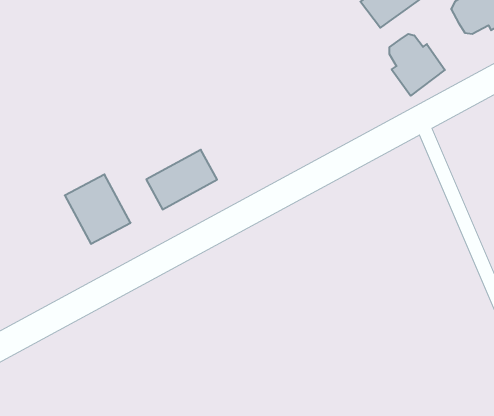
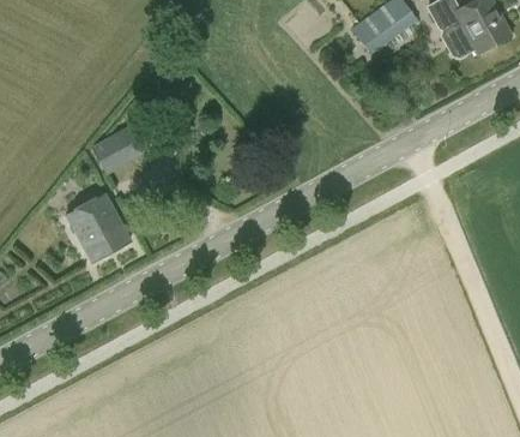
building: [389,34,445,96] -> none
building: [146,150,217,209] -> [91,118,159,175]

